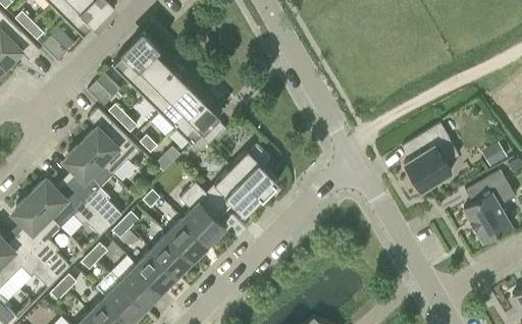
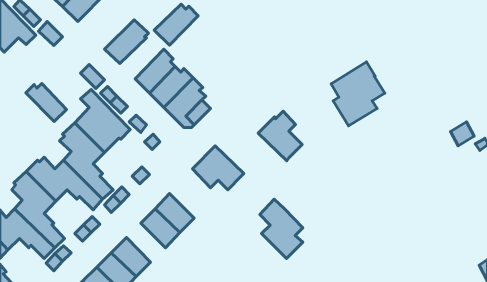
building: [128,53,175,97] -> [154,4,198,45]
building: none -> [26,83,66,122]
building: [402,123,459,192] -> [331,62,385,126]
building: [230,145,277,198] -> [258,111,302,161]
building: [463,170,515,244] -> none
building: [179,182,225,246] -> [260,199,303,258]
building: [136,251,177,292] -> none

